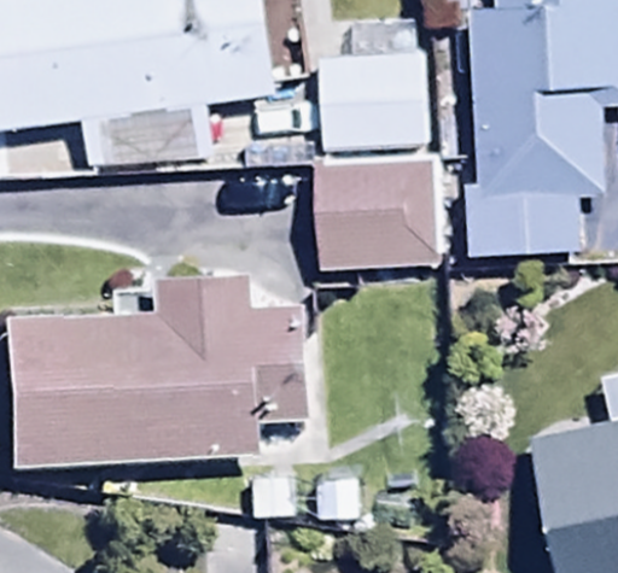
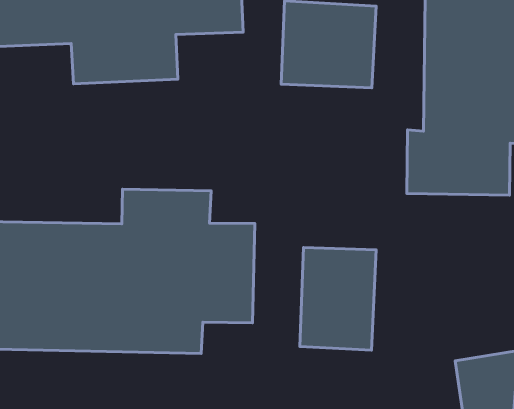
building: [315,151,439,273] -> none
building: none -> [300,247,376,350]

